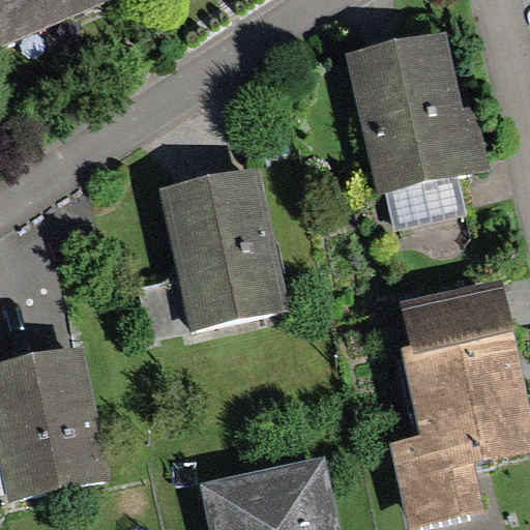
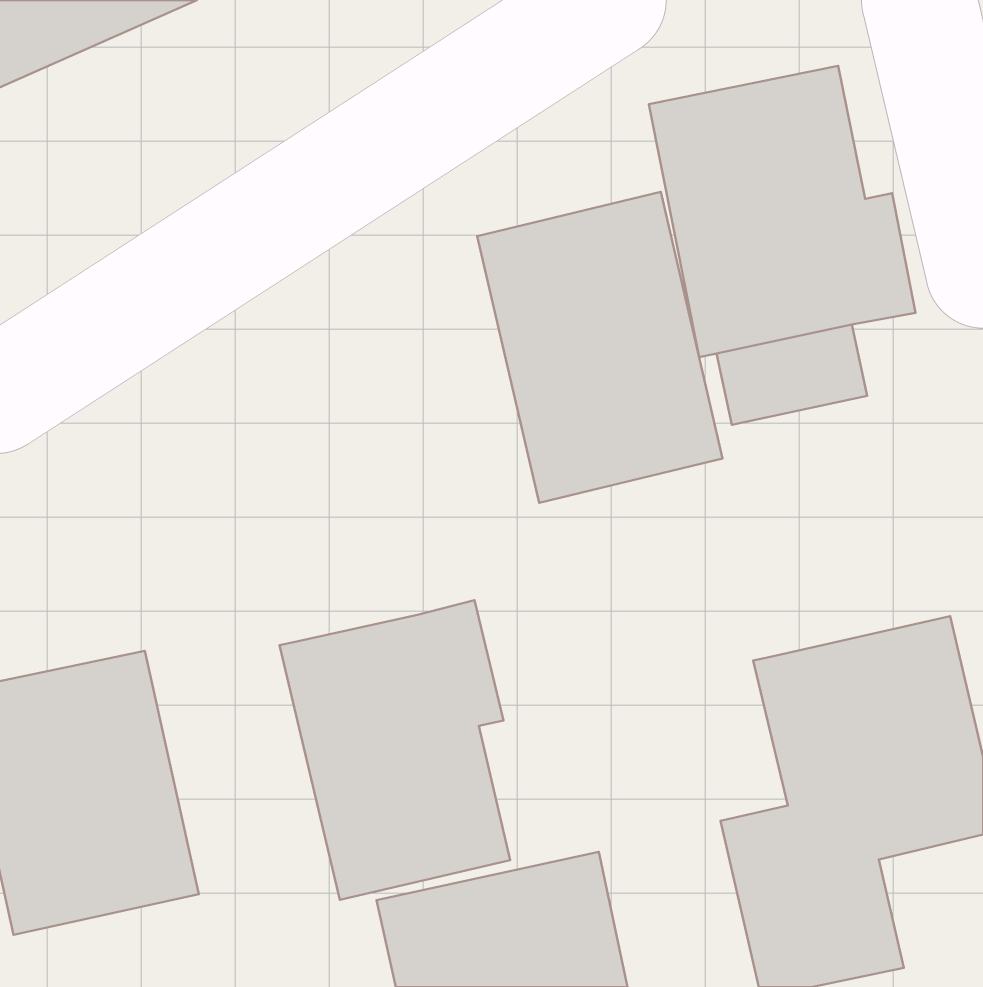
building: [158,164,290,330] -> [477,192,723,503]
building: [402,279,509,352] -> none
building: none -> [279,600,510,900]

